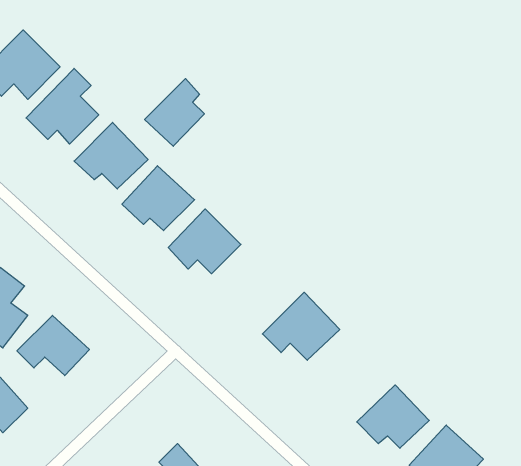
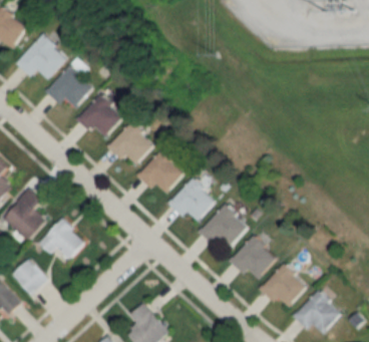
building: [145,79,204,146] -> none
building: none -> [167,178,215,220]
building: none -> [229,238,274,274]

